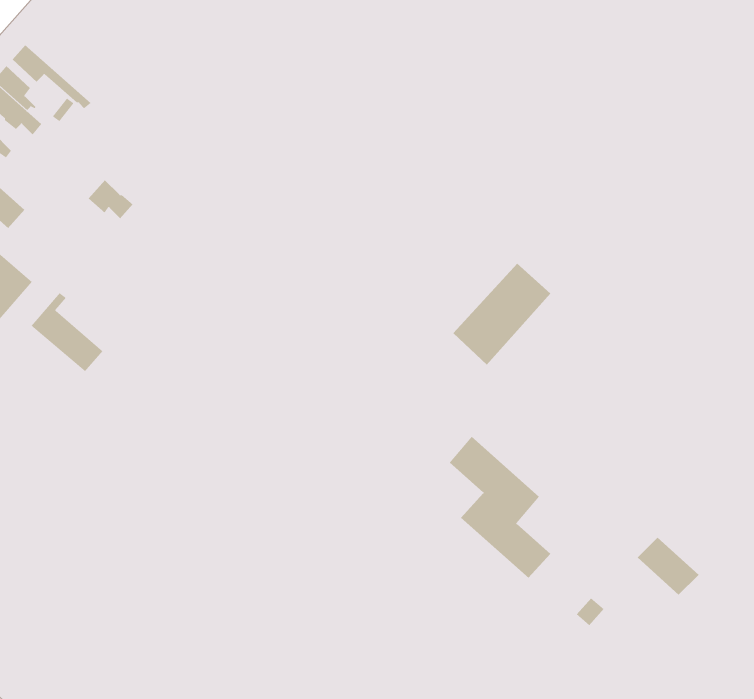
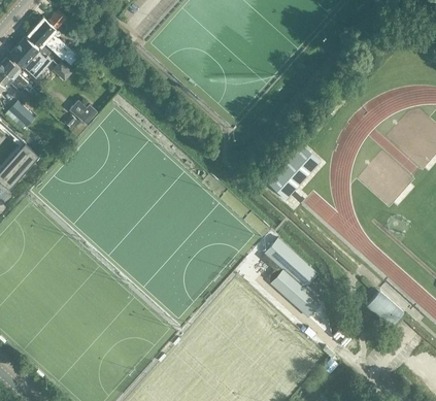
building: none -> [34,10,74,60]
building: [30,292,103,372] -> none

